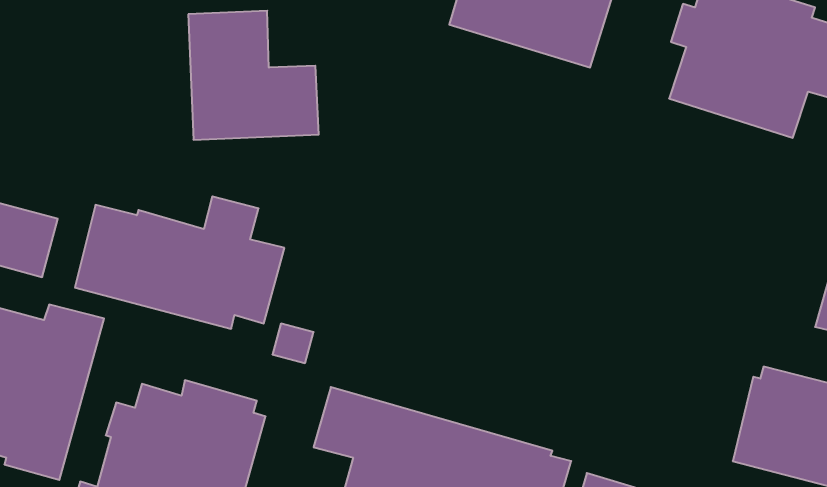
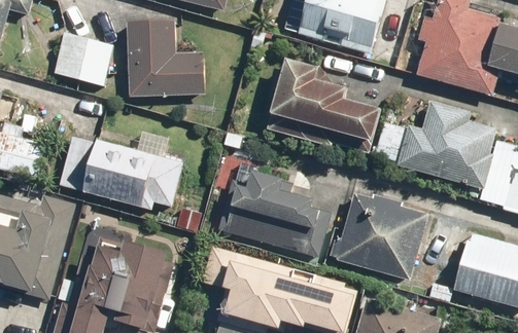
building: none -> [55,33,113,86]
building: none -> [267,58,380,152]
building: none -> [375,100,495,189]
building: none -> [217,170,330,256]
building: none -> [329,193,428,280]

